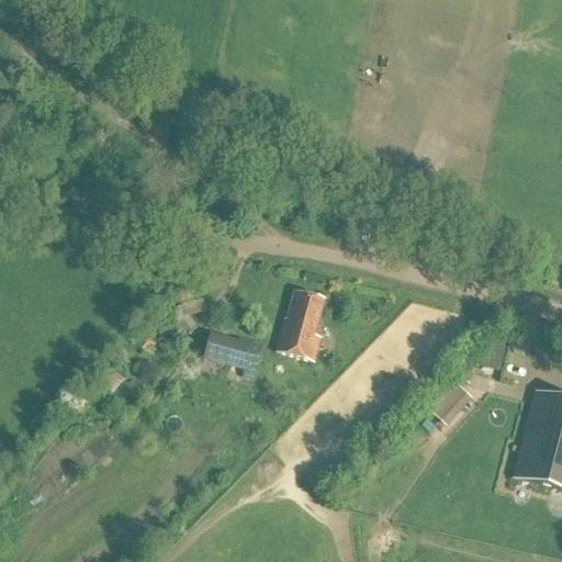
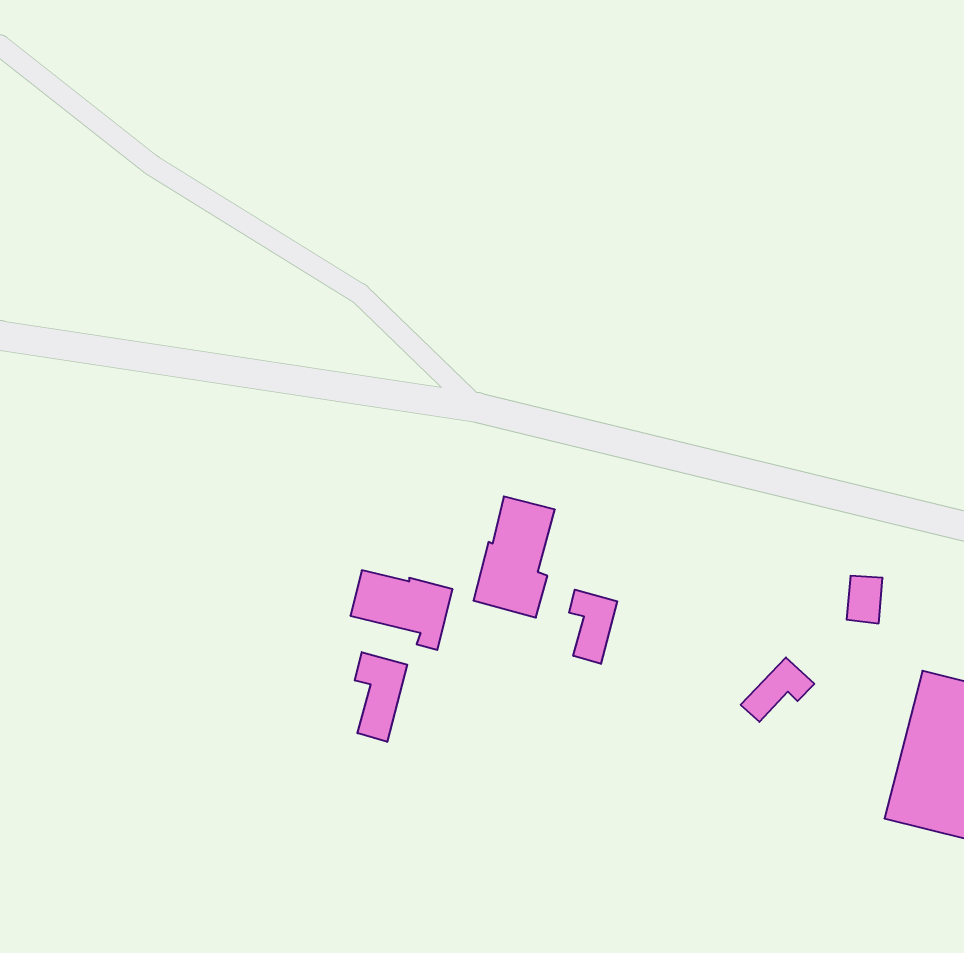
building: none -> [569,590,617,664]
building: none -> [355,652,407,742]

